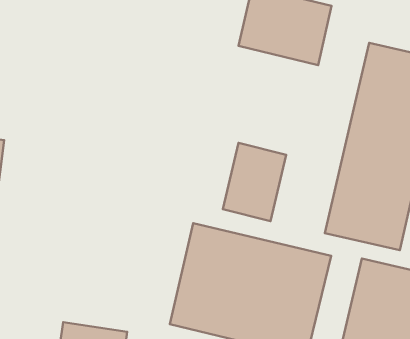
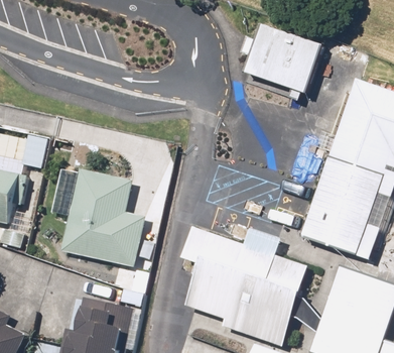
building: [223,143,286,221] -> none
building: none -> [54,165,140,271]

